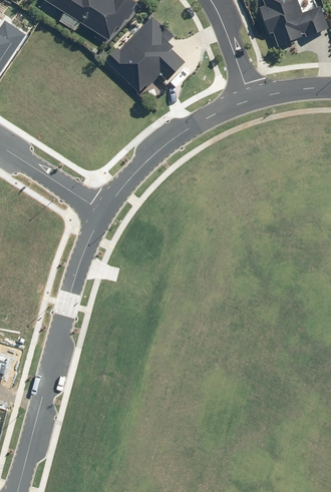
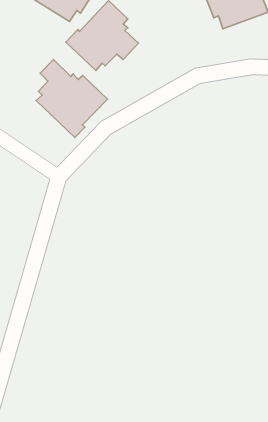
building: none -> [36,60,107,138]

